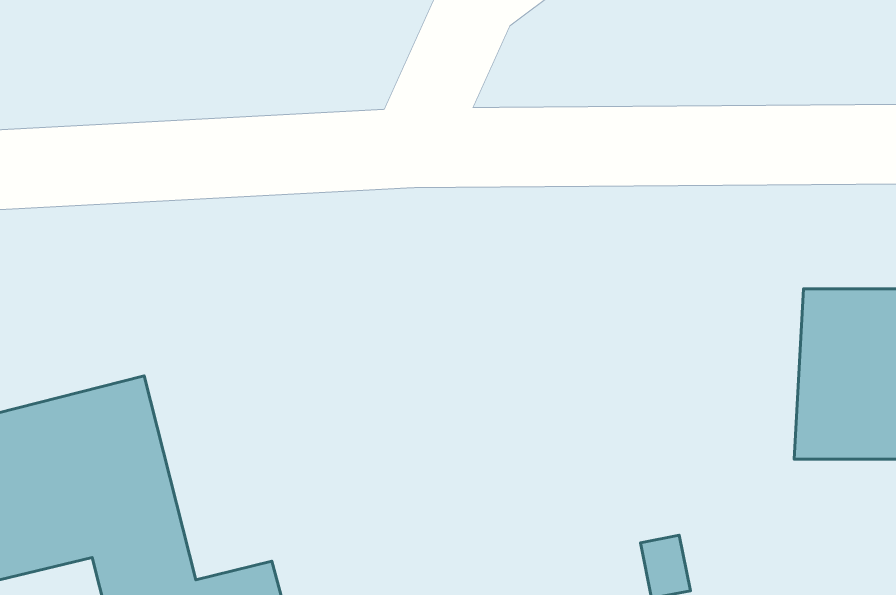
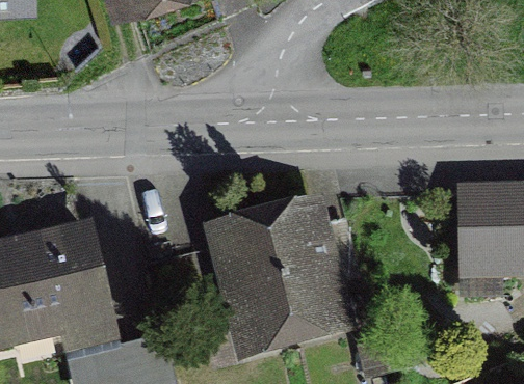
building: none -> [230,204,337,345]

